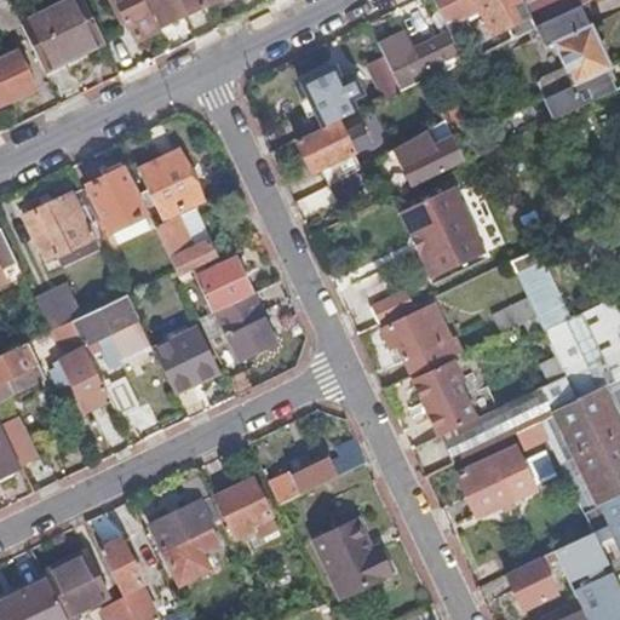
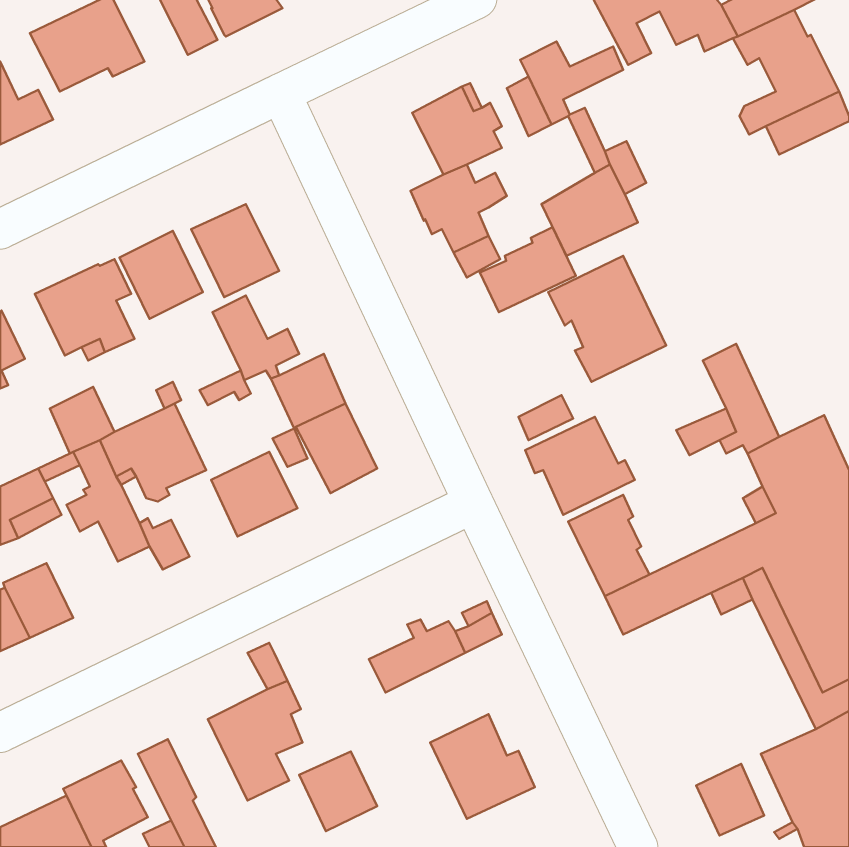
building: none -> [480,227,576,312]
building: [458,447,534,516] -> none
building: [217,480,274,538] -> [299,751,377,831]

